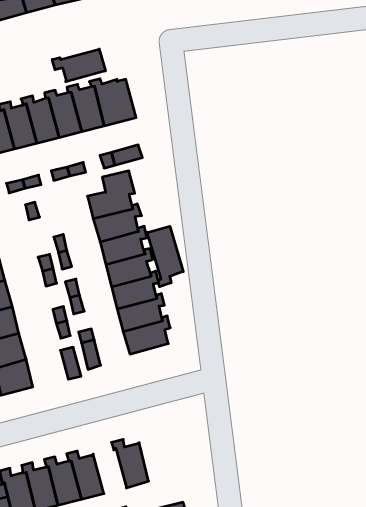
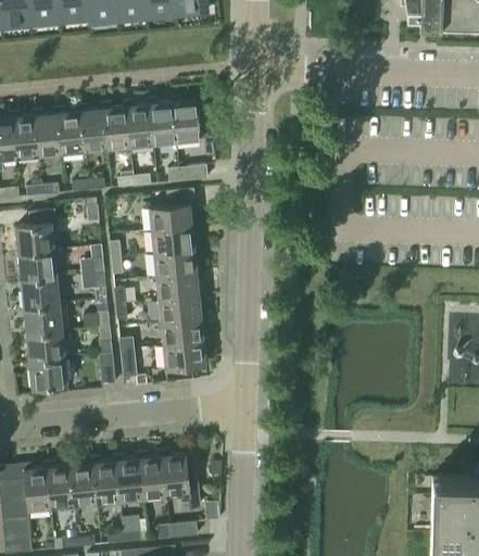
building: [52,49,105,82] -> none
building: [147,226,183,287] -> none
building: none -> [157,450,199,507]
building: none -> [111,454,141,502]

